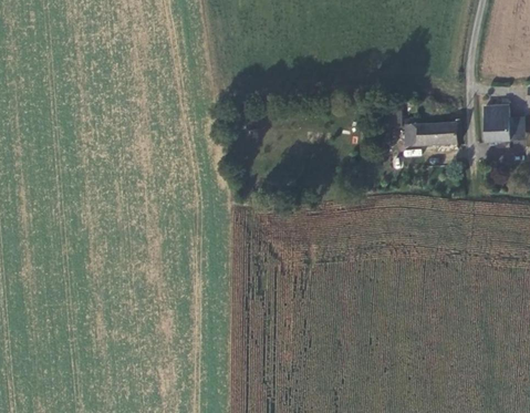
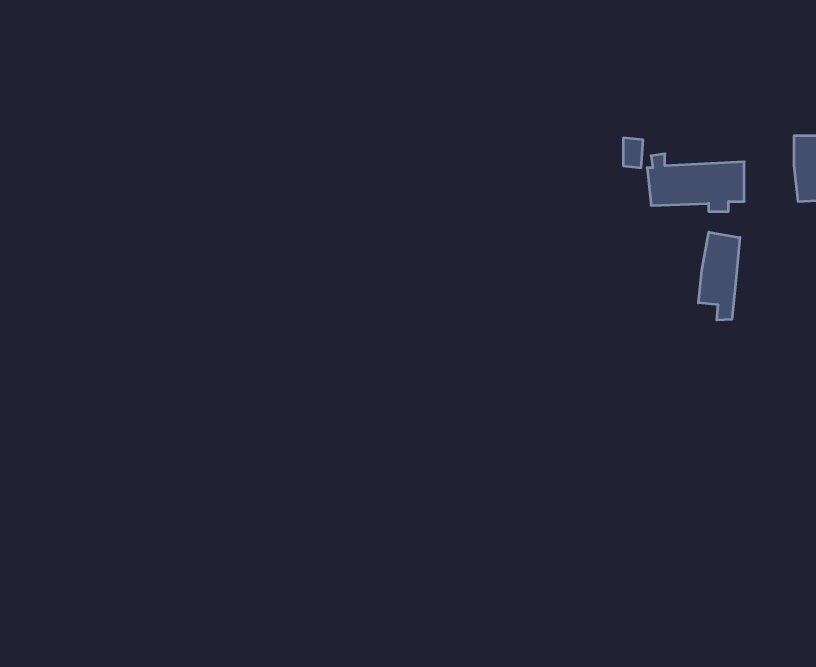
building: none -> [698,232,740,320]

